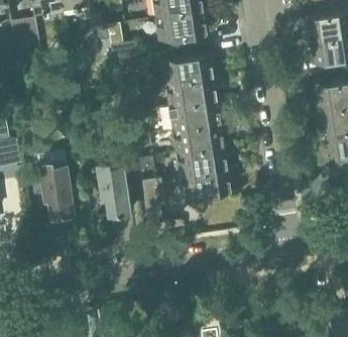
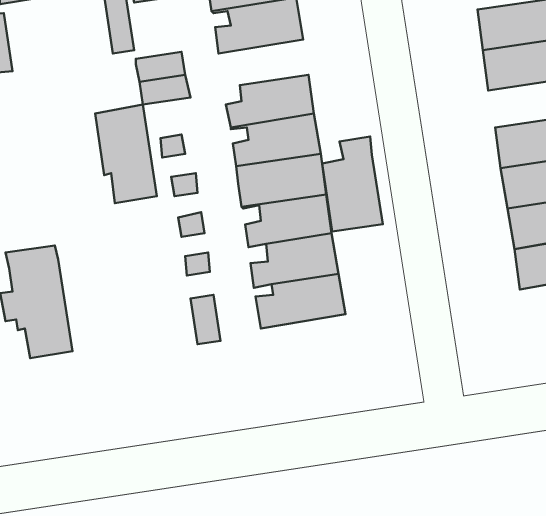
building: none -> [322,136,383,231]
building: [96,160,131,217] -> [95,105,157,203]

